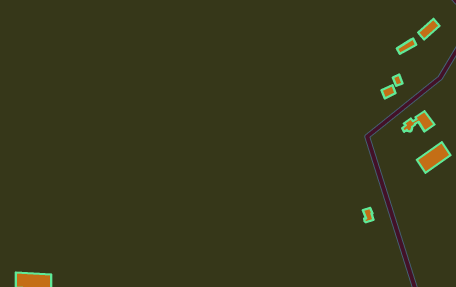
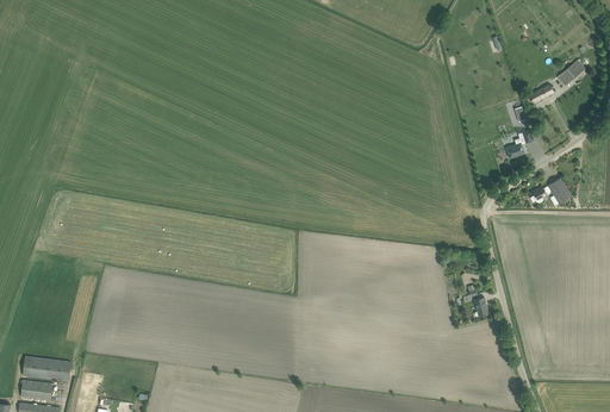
building: [417,142,451,173] -> none

